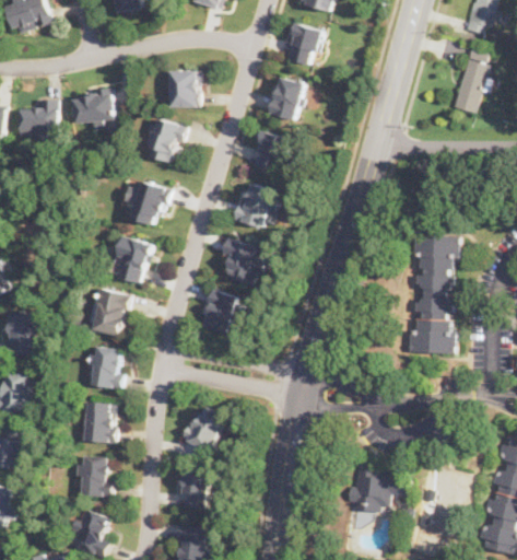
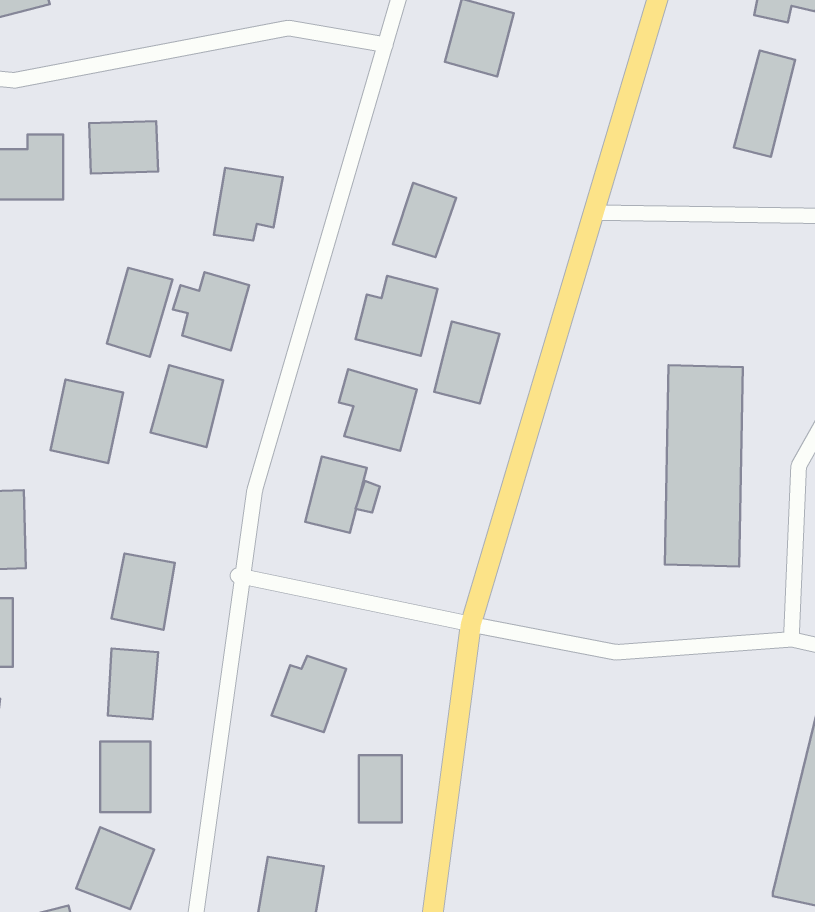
building: [168,70,199,107] -> none
building: [266,77,305,122] -> none
building: none -> [107,268,173,357]
building: none -> [434,322,499,403]
building: [87,288,130,337] -> [50,379,123,463]
building: [346,465,404,513] -> none
building: [180,469,205,509] -> [359,755,402,822]

